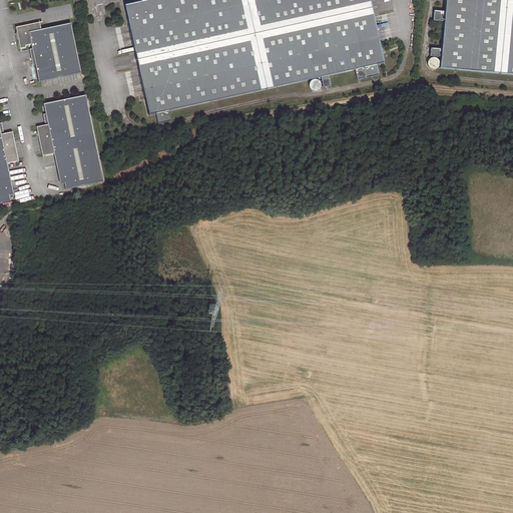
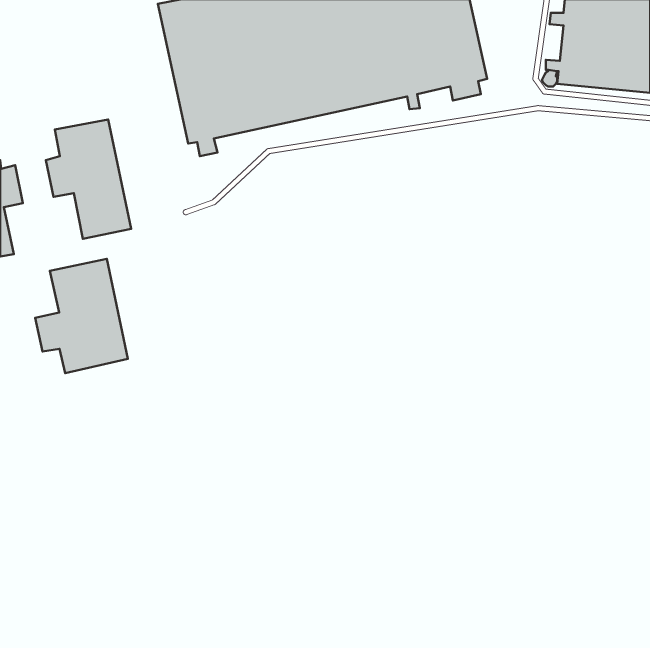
building: [15,22,80,80] -> none
building: none -> [35,259,128,373]

